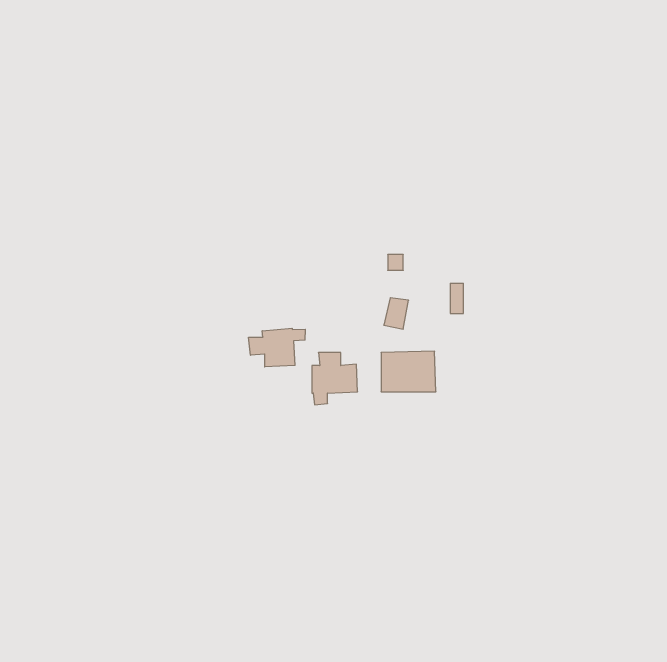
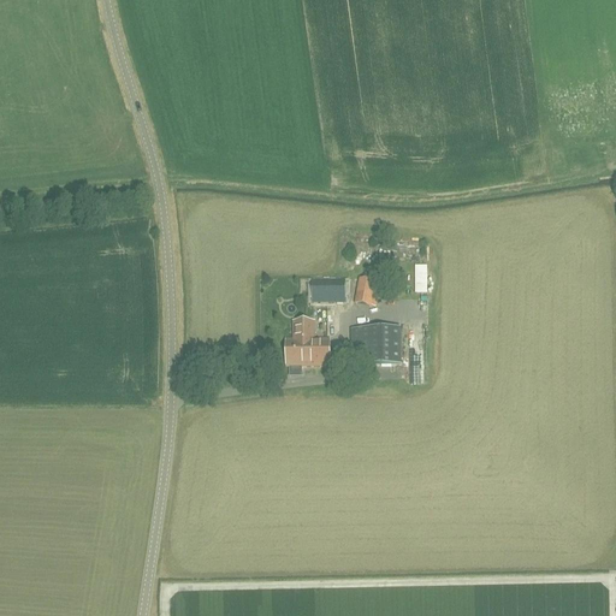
building: none -> [313,277,344,300]
building: [249,328,305,367] -> none

